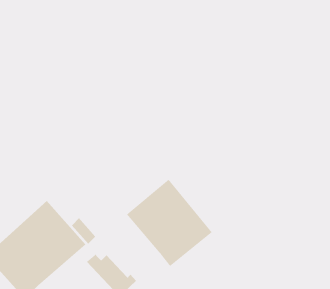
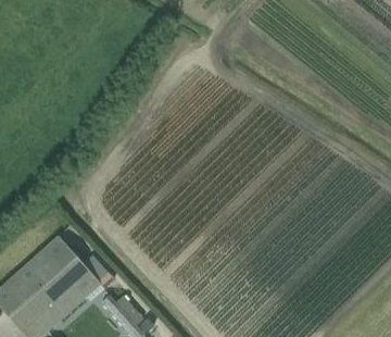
building: [126,179,212,267] -> none

